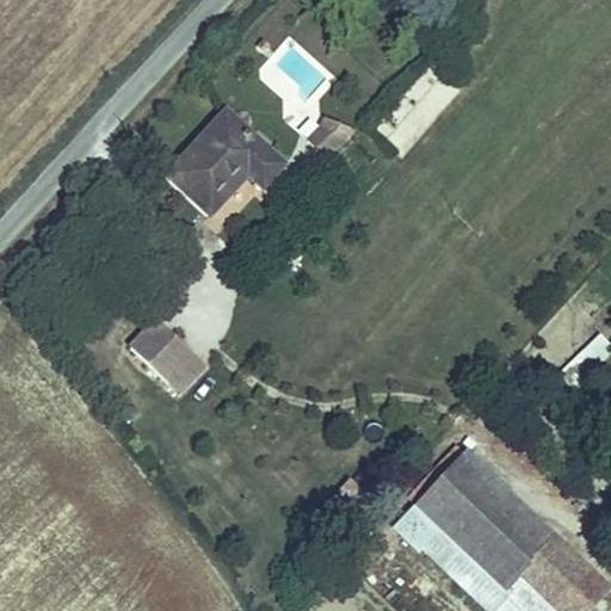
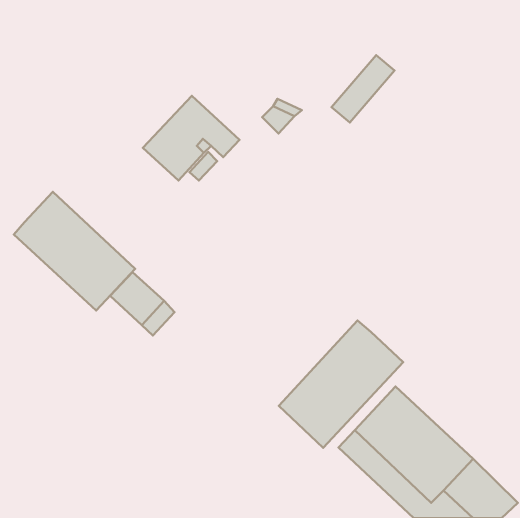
building: none -> [14,192,135,311]
building: none -> [279,320,403,448]

